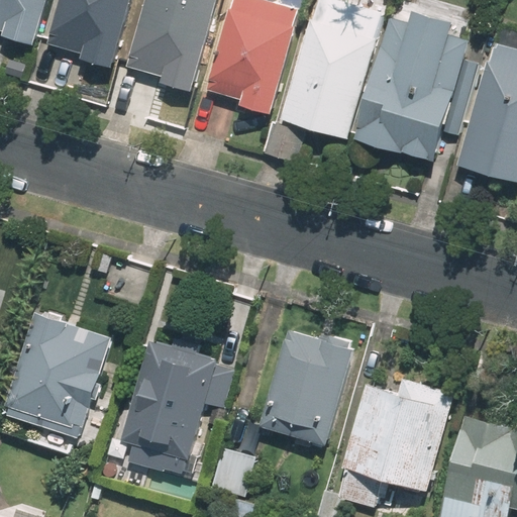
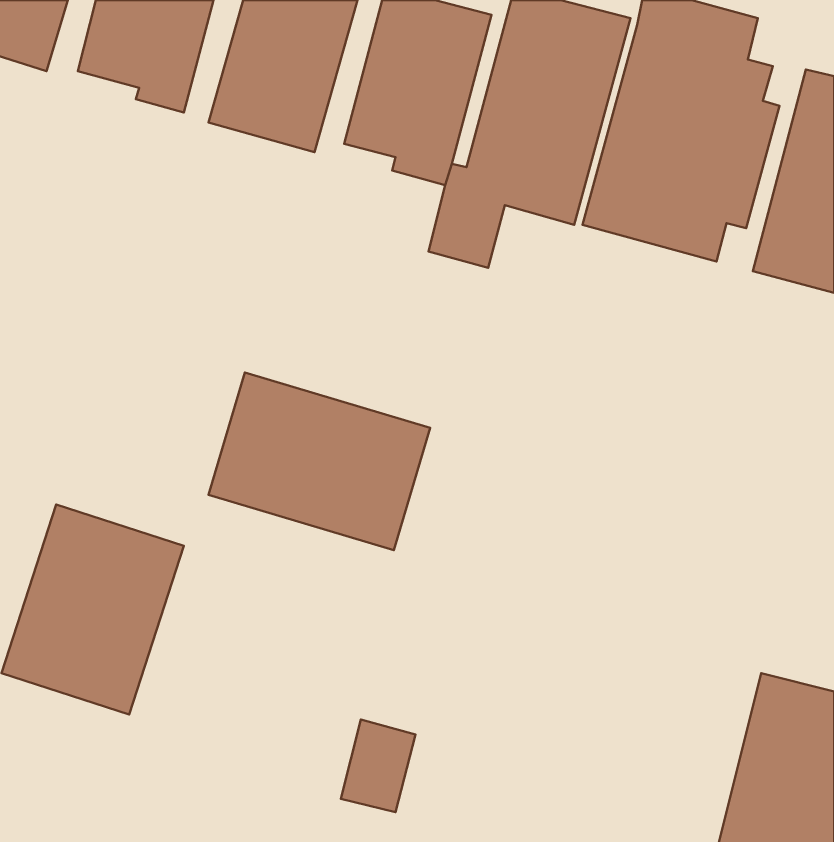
building: none -> [208,372,430,550]
building: [258,324,353,447] -> none
building: [119,336,230,480] -> none
building: [336,374,455,504] -> none

